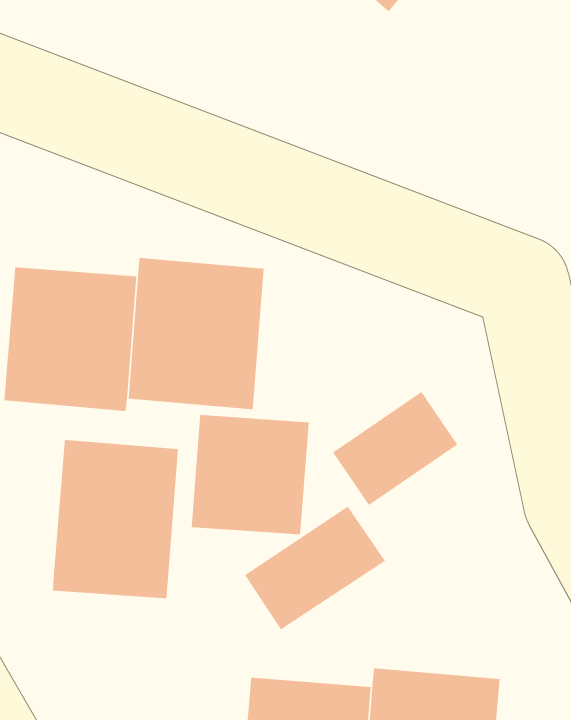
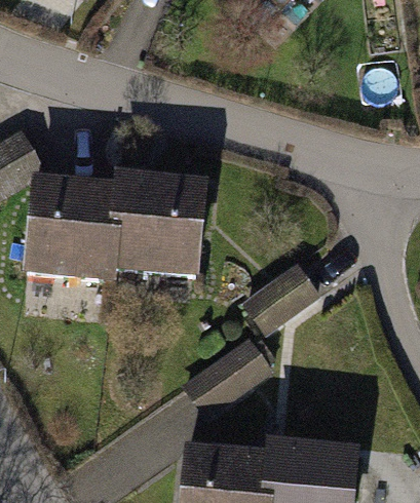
building: [191,414,309,535] -> none
building: [52,439,179,599] -> none

